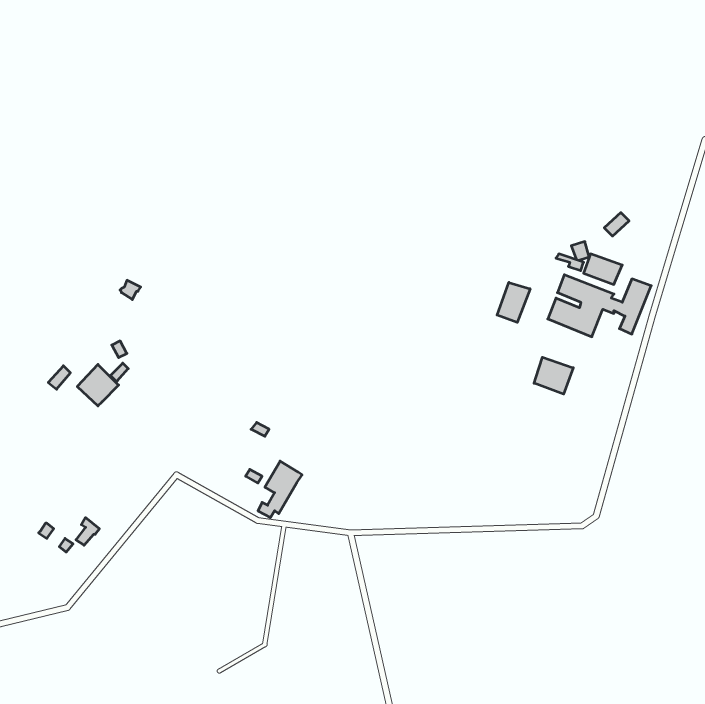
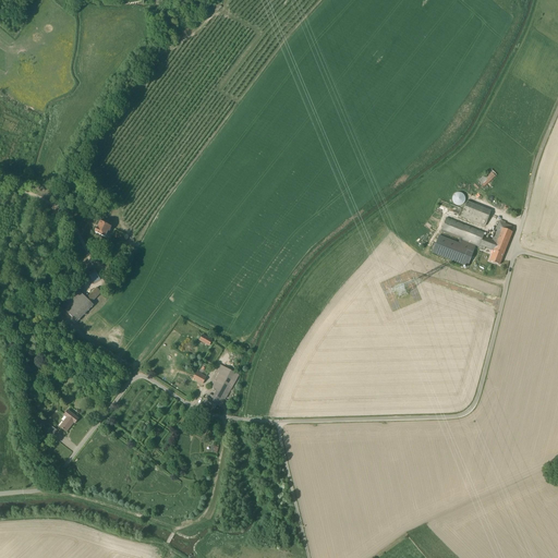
building: [497,282,530,322] -> none
building: [534,357,573,394] -> none

